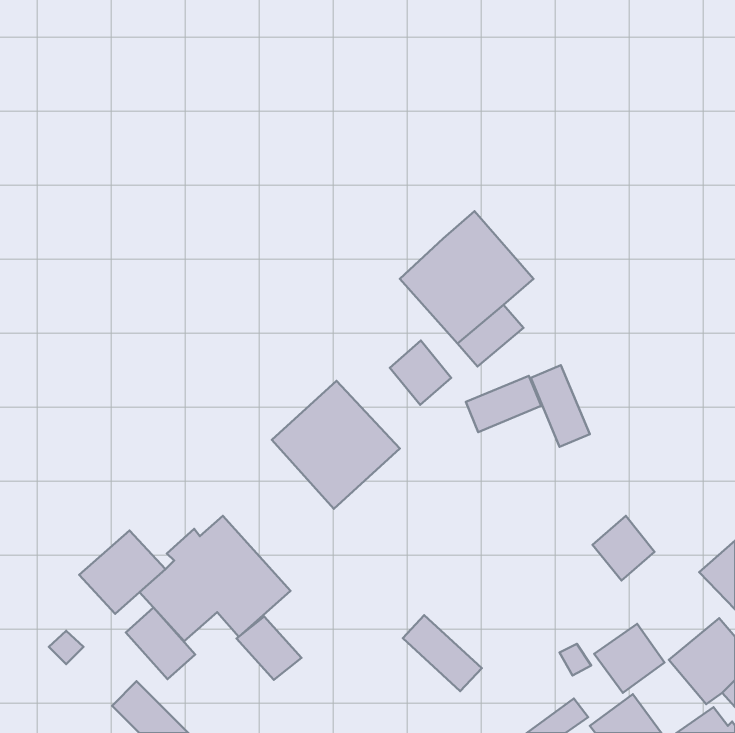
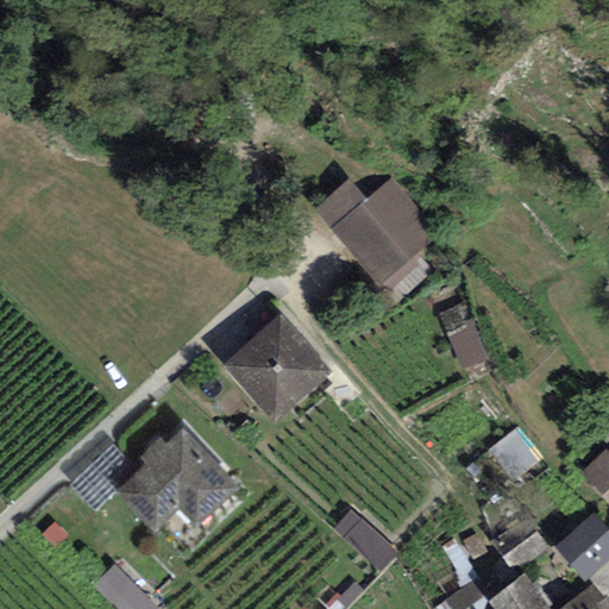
building: none -> [312,177,366,231]
building: [390,341,451,405] -> none
building: [466,376,541,432] -> none
building: [126,608,195,679] -> none
building: [236,616,302,680] -> none

